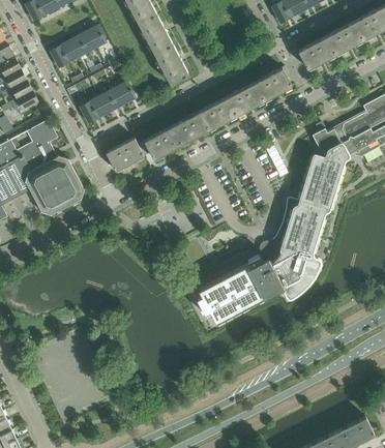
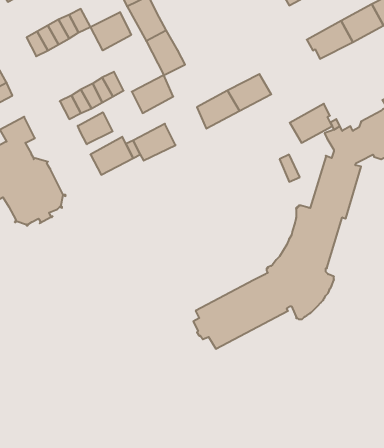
building: none -> [90,12,131,50]
building: [255,66,292,100] -> [290,104,332,143]
building: [172,112,208,145] -> [132,75,173,113]
building: none -> [78,112,113,144]

